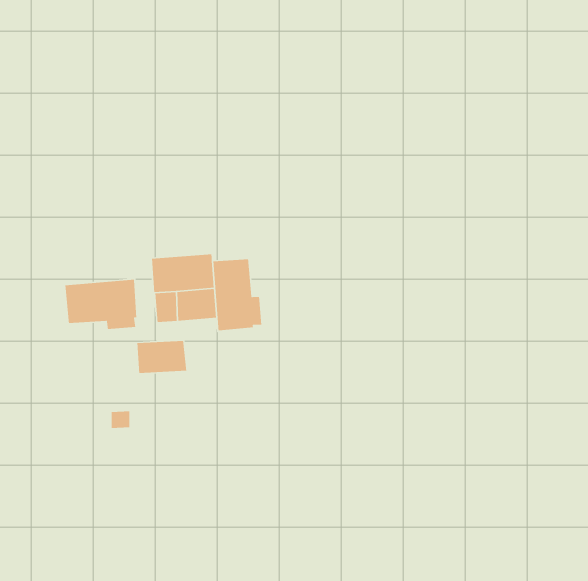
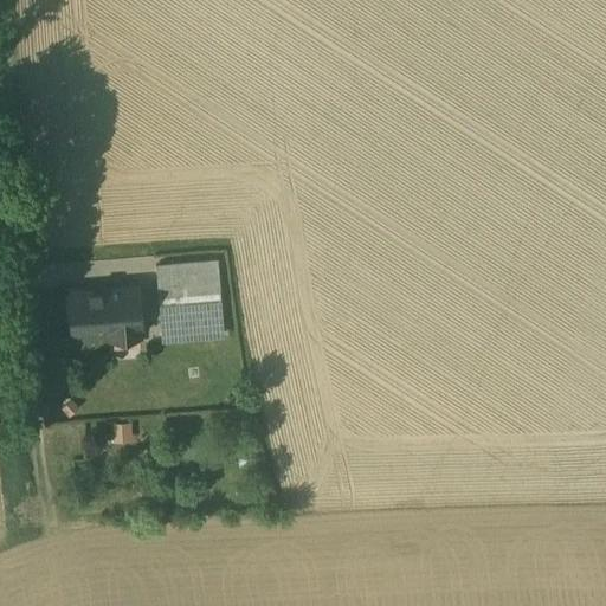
building: [213,258,262,331] -> none
building: [137,340,187,374] -> none

